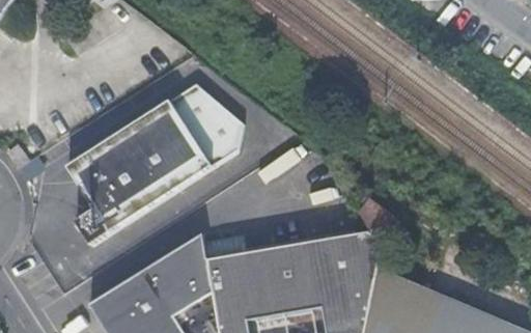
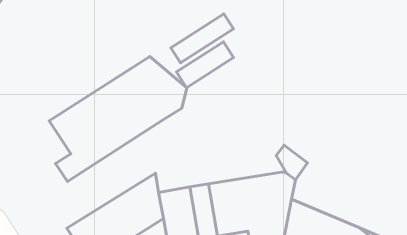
building: none -> [171,14,233,63]
building: none -> [177,42,234,88]

